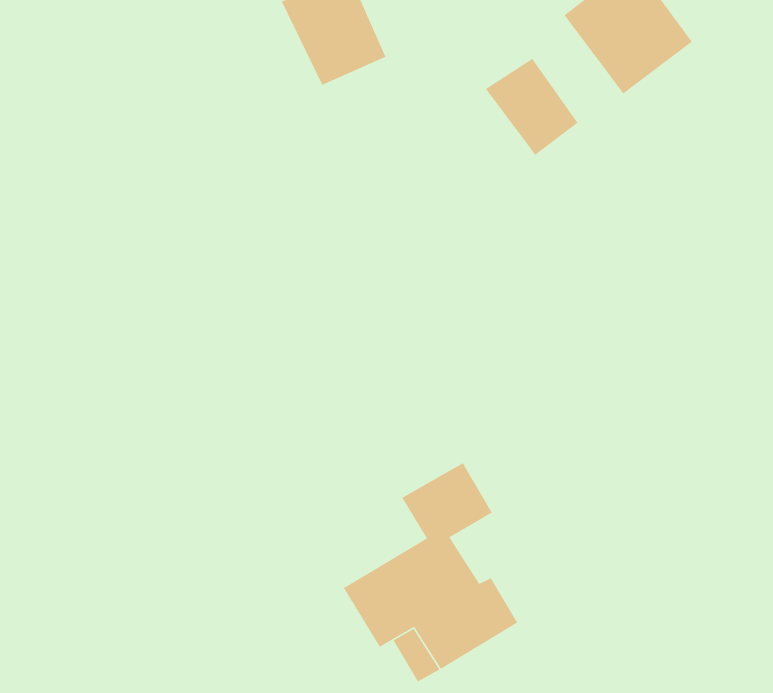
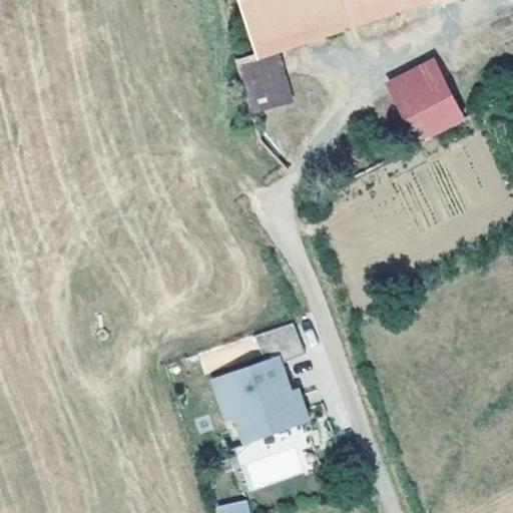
building: [485,58,578,156] -> none

